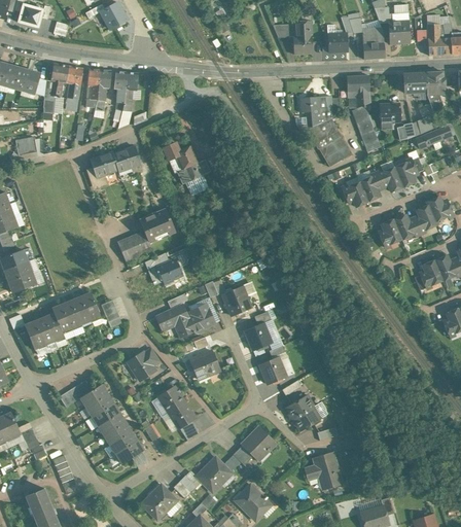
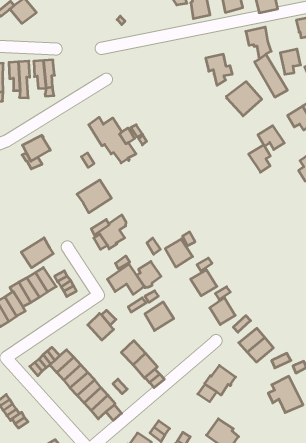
building: [112,146,141,171] -> none
building: [359,173,382,202] -> [249,145,270,172]
building: [117,231,151,260] -> [21,238,53,268]
building: [197,458,229,492] -> none

